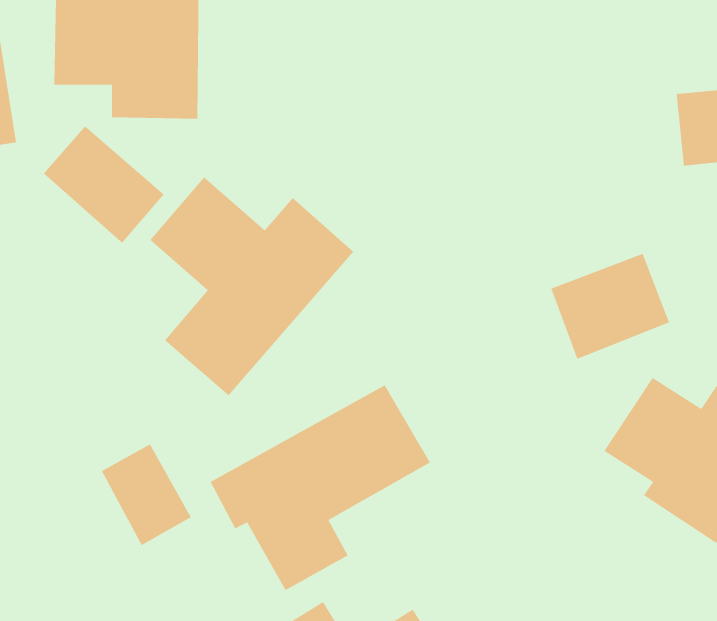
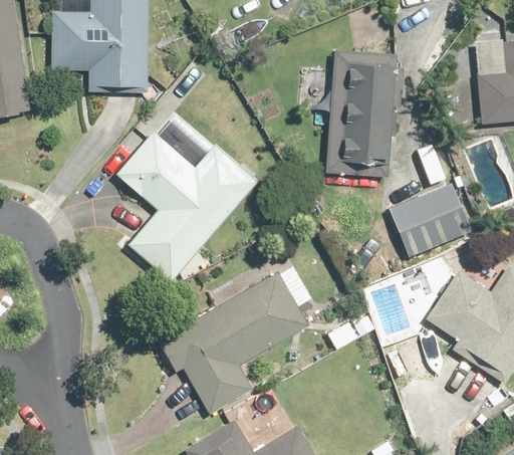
building: none -> [323,49,396,176]
building: [43,125,165,244] -> none
building: [101,443,192,546] -> none

